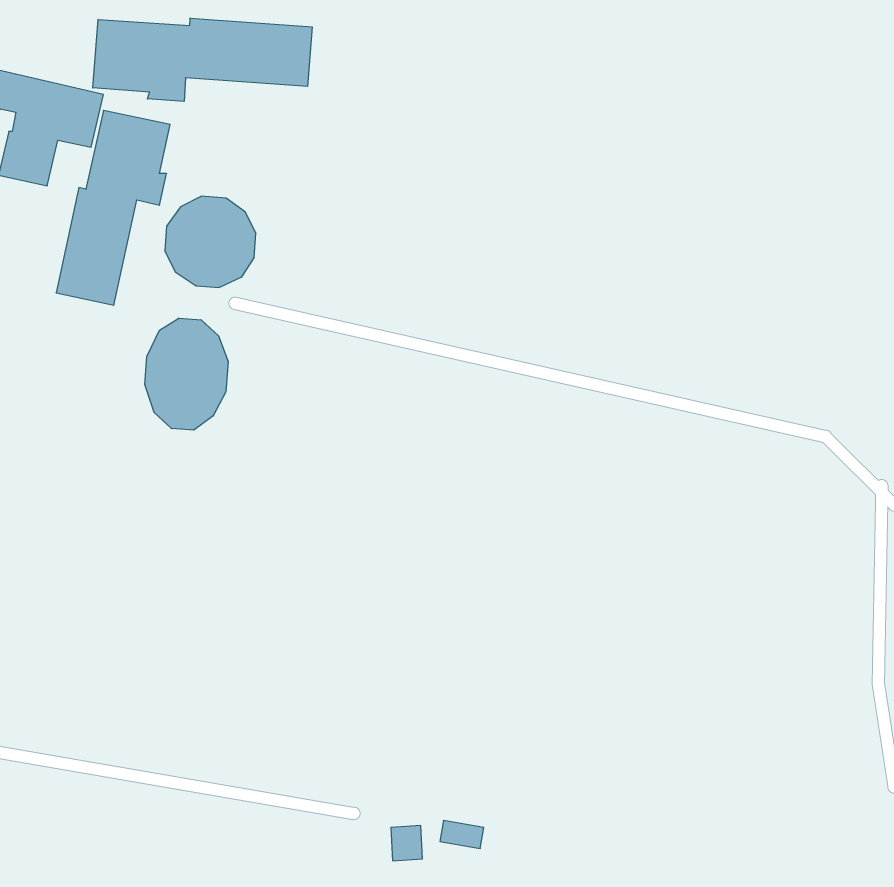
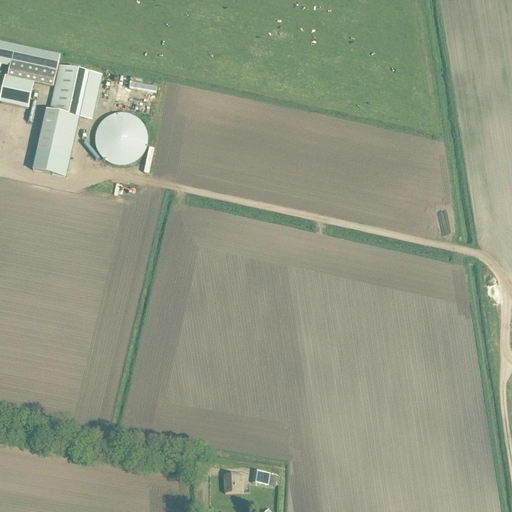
building: [93,18,312,101] -> none
building: [145,318,228,430] -> none

